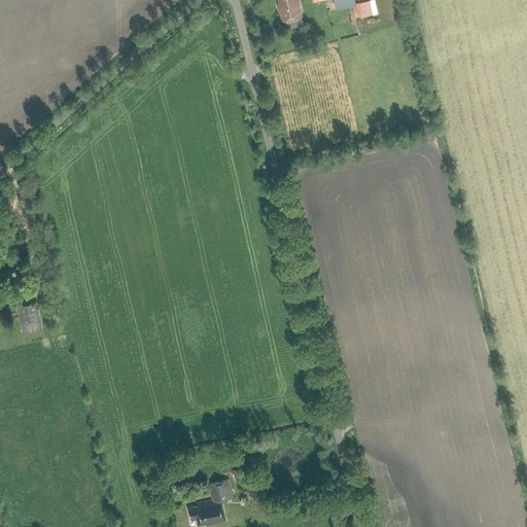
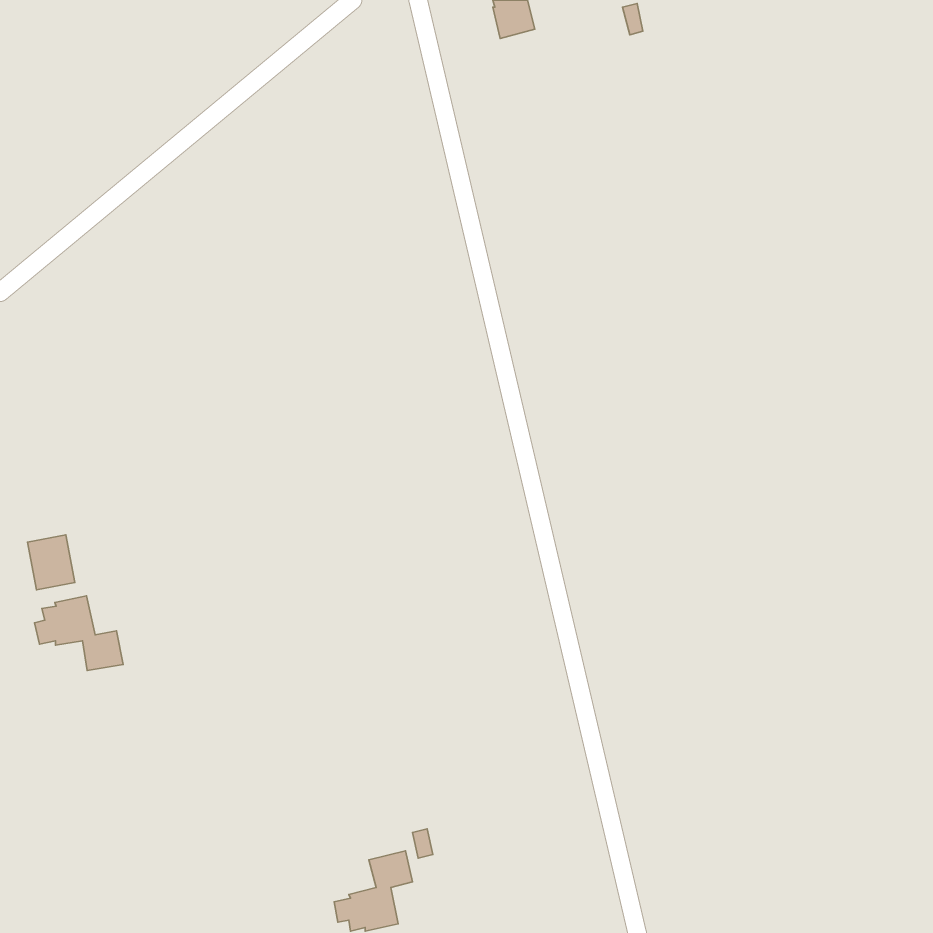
building: none -> [34,596,123,671]

